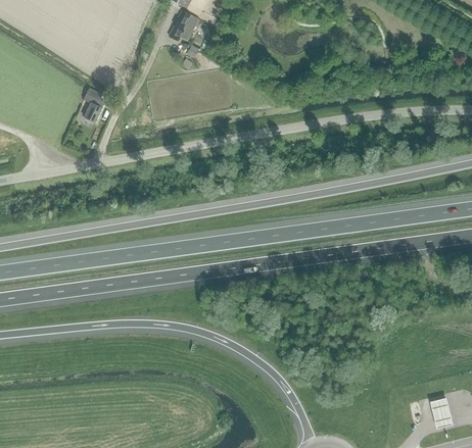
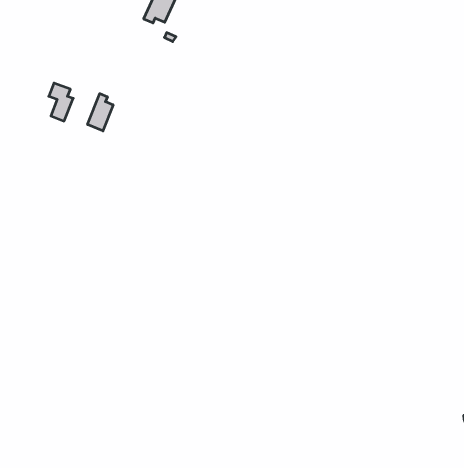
building: none -> [88,94,113,131]

